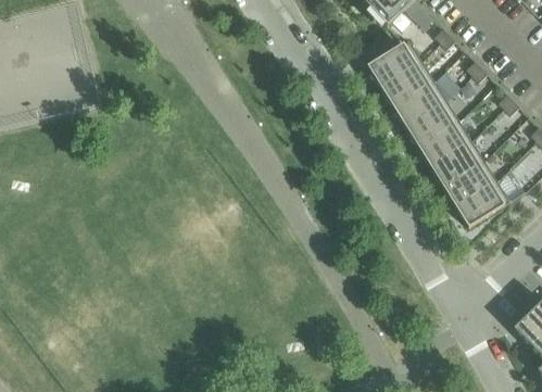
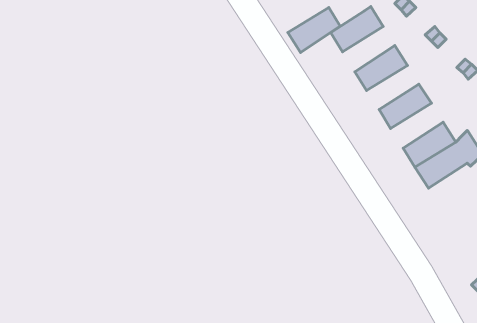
building: [380,59,434,105] -> [288,7,340,53]
building: [405,99,459,144] -> none
building: [430,138,484,185] -> none

